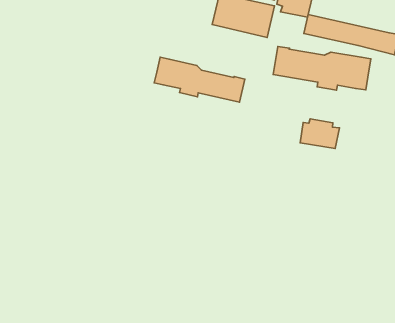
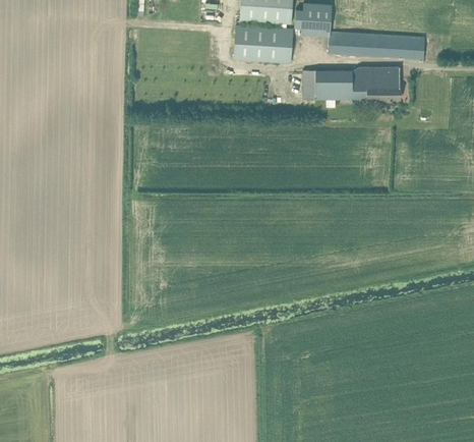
building: [154,57,245,102] -> none
building: [300,119,340,149] -> none

